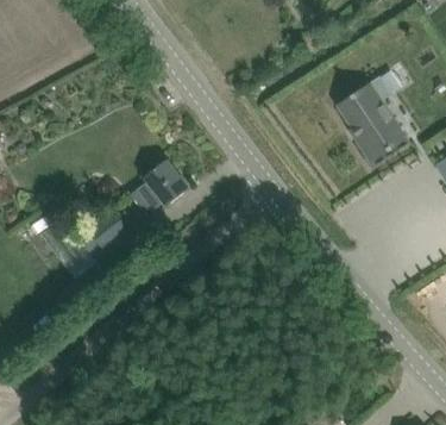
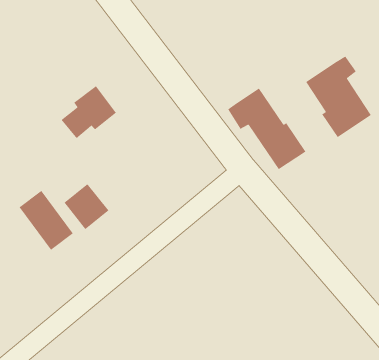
building: none -> [227,88,306,170]
building: [131,158,189,214] -> [60,85,117,139]

